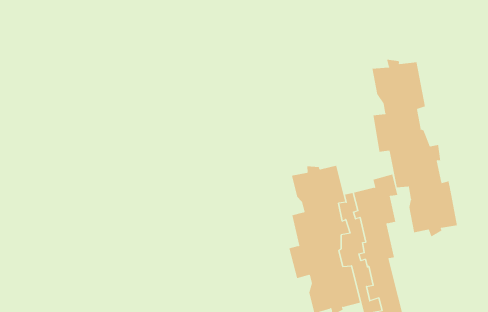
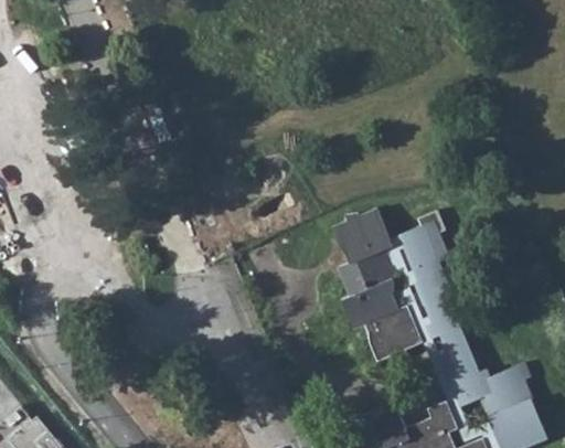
building: [372,59,457,238] -> none

